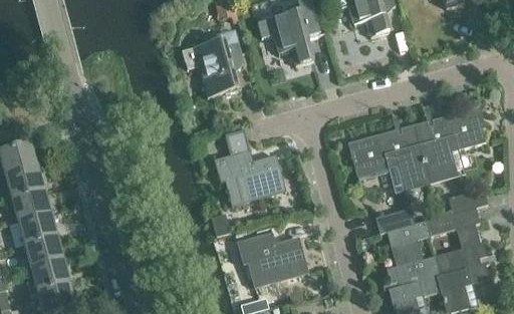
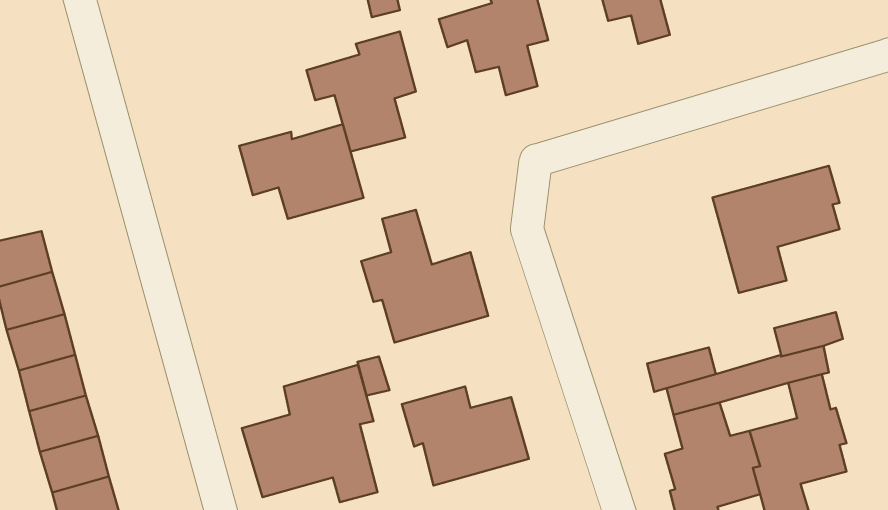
building: none -> [239,124,363,219]
building: [347,123,428,186] -> none
building: none -> [242,365,378,502]

